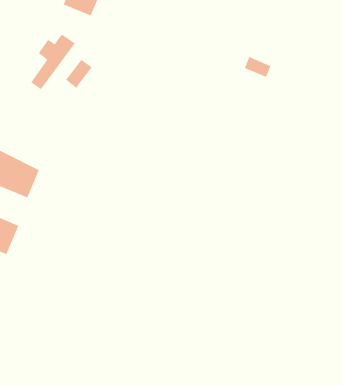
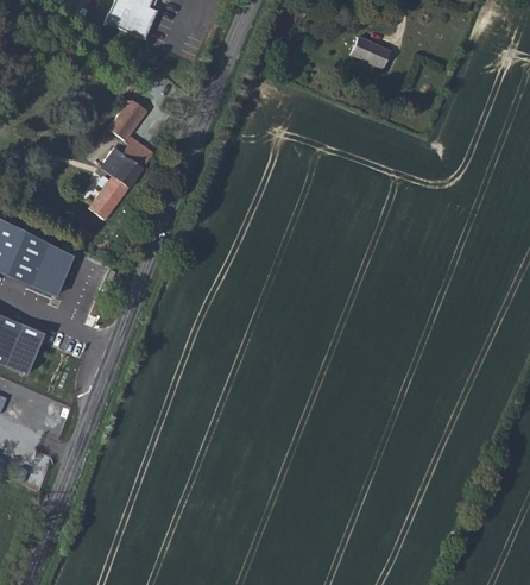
building: [30,34,76,90] -> [89,140,153,220]
building: [244,56,272,78] -> [351,34,390,65]

